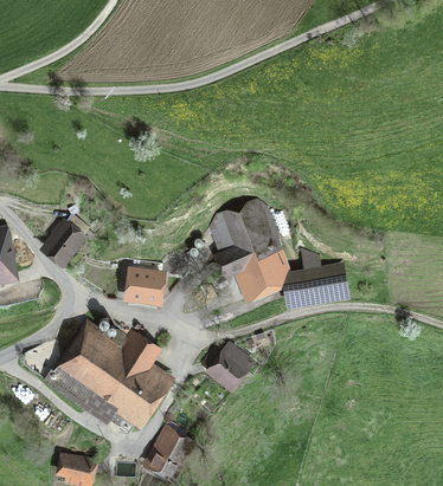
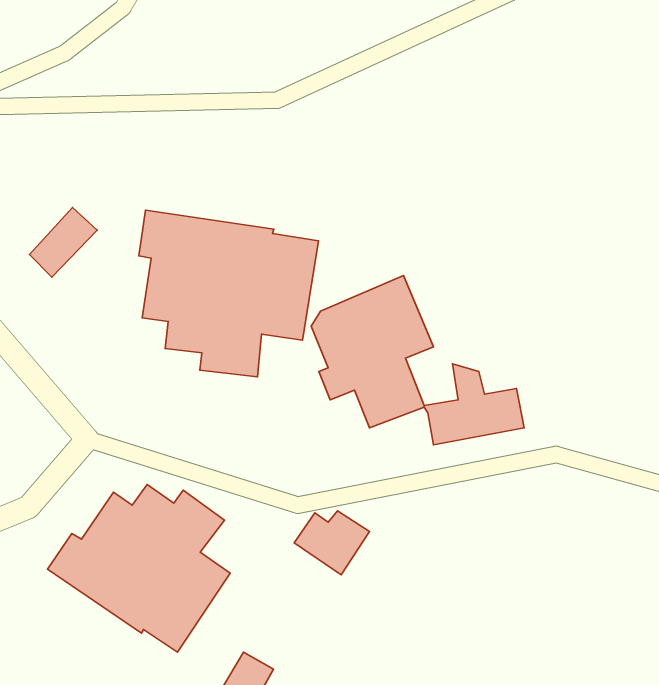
building: none -> [139,210,318,377]
building: [47,216,90,260] -> [29,208,97,277]
building: [128,271,161,306] -> none

